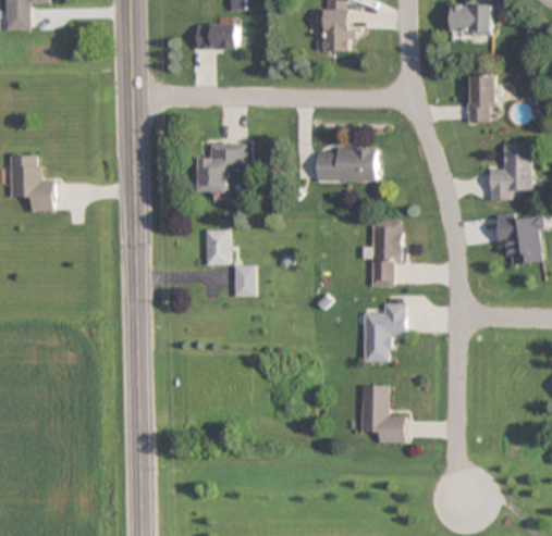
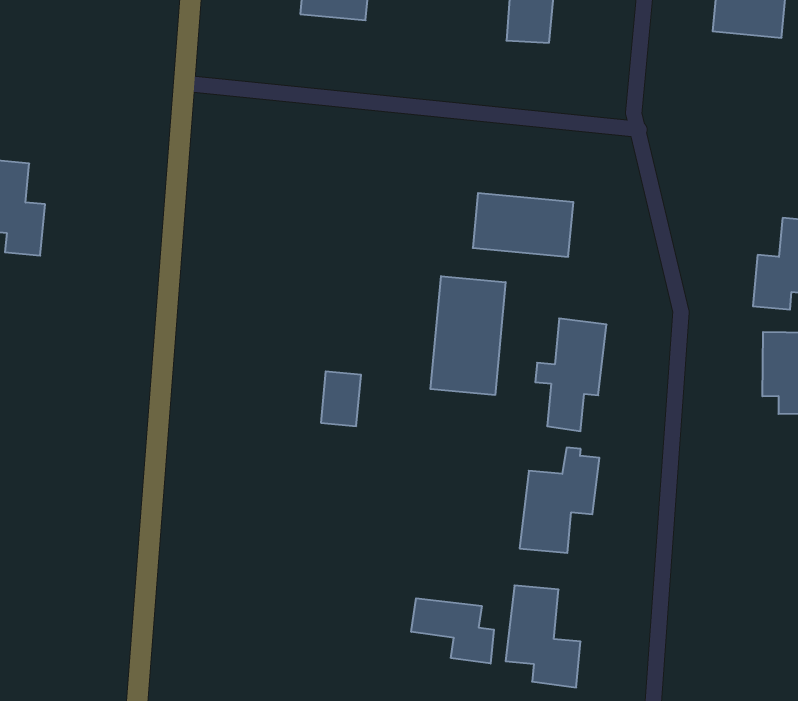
building: [468,76,498,123] -> none
building: [199,142,246,191] -> none
building: none -> [430,276,506,395]
building: [206,228,229,264] -> none
building: none -> [411,598,494,664]

